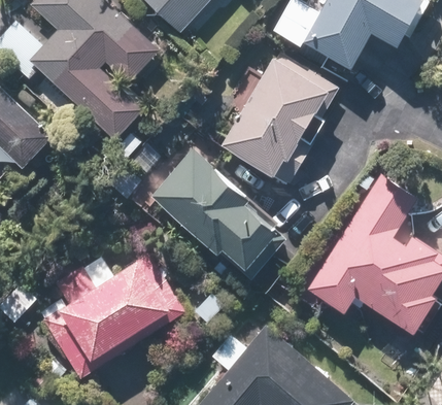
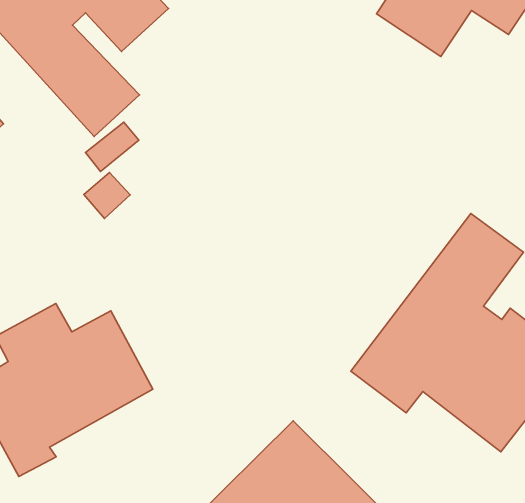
building: [220,49,340,188] -> none
building: [151,149,291,278] -> none

